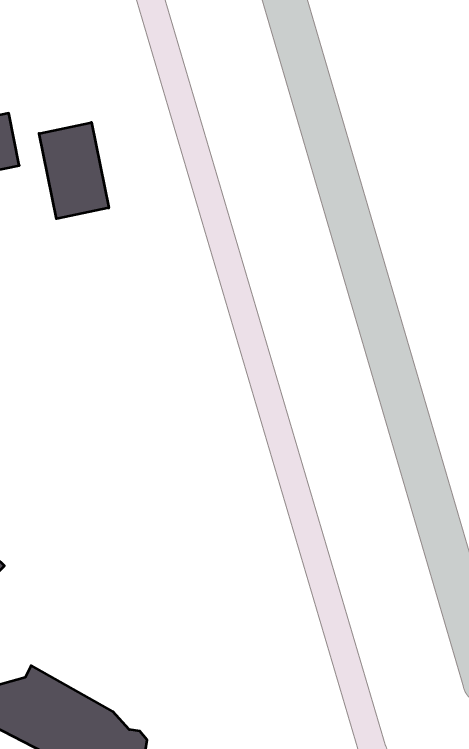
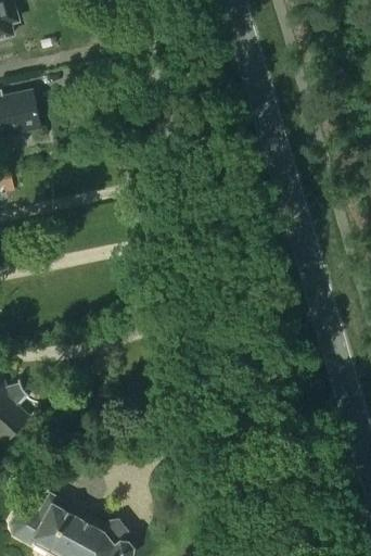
building: [39,122,109,219] -> none

